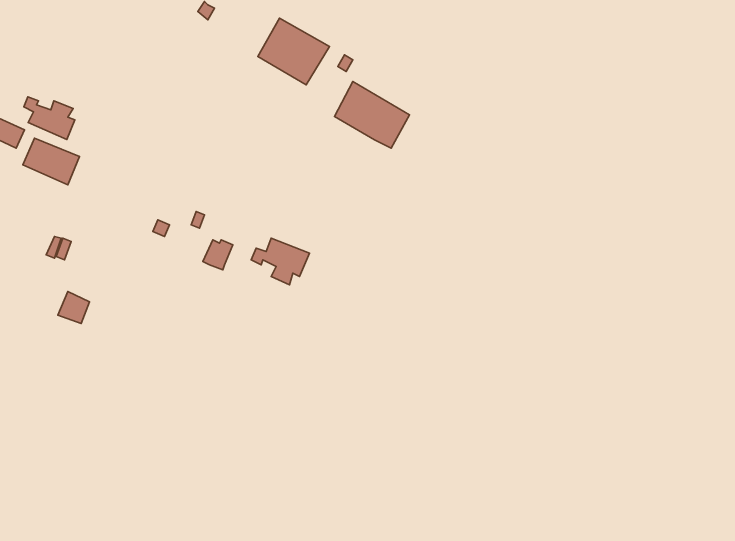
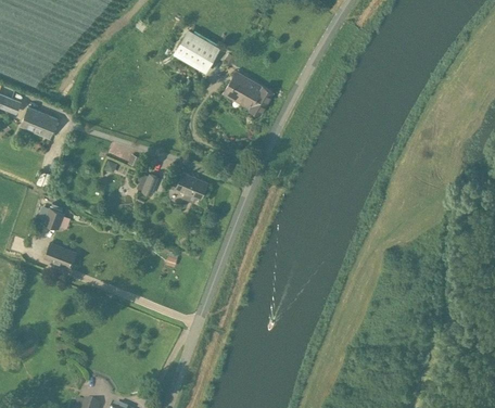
building: [24,97,75,140] -> none
building: none -> [45,243,77,268]

